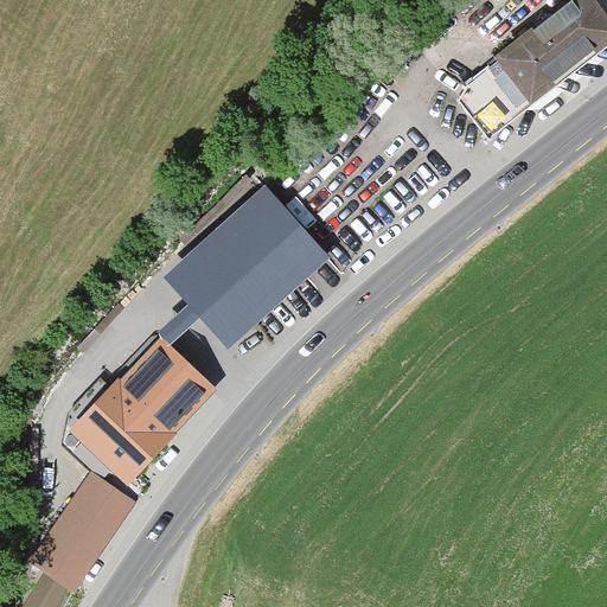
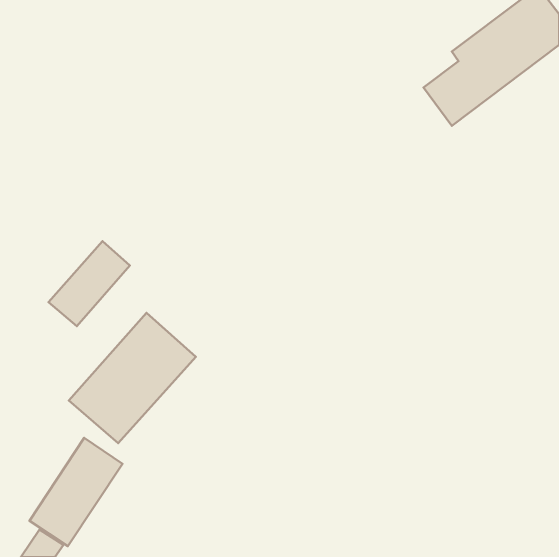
building: [158,185,330,347] -> none
building: none -> [48,241,130,326]

